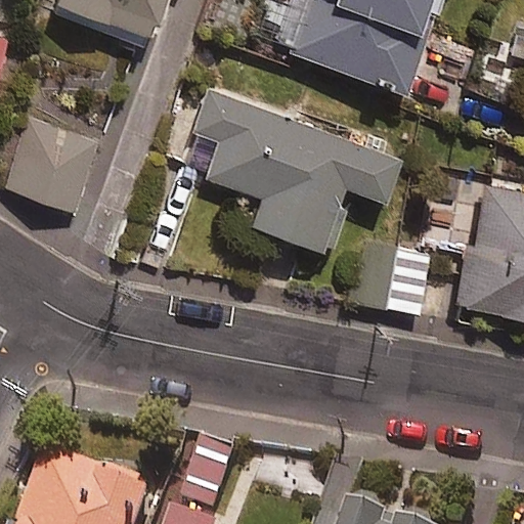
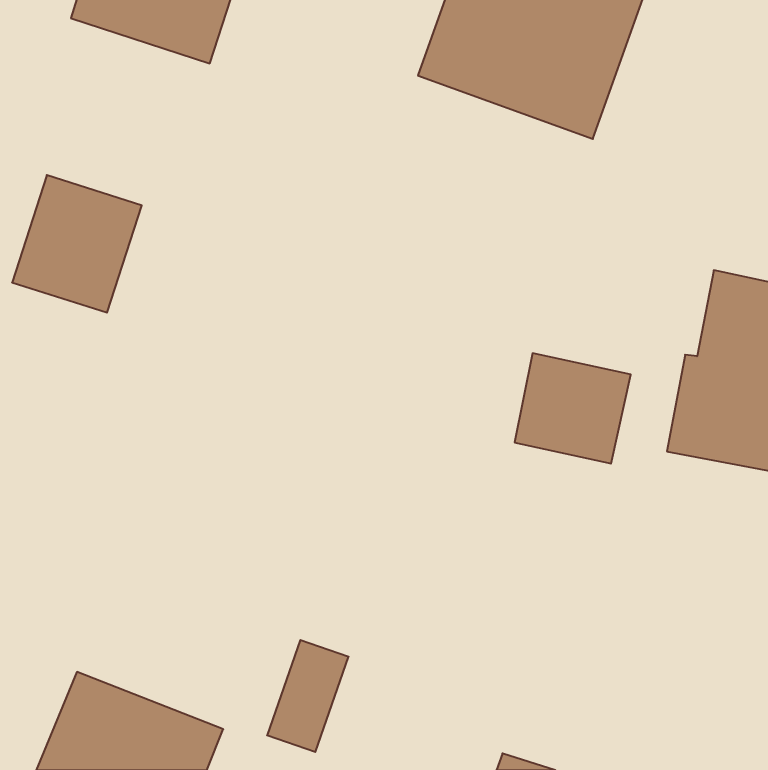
building: [193,90,396,252] -> none

